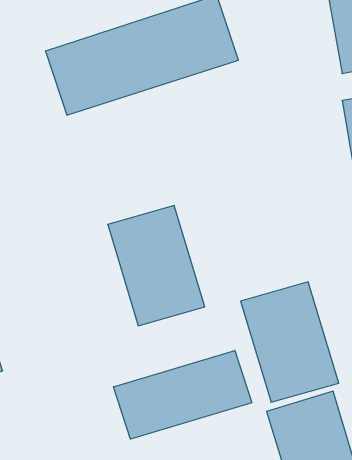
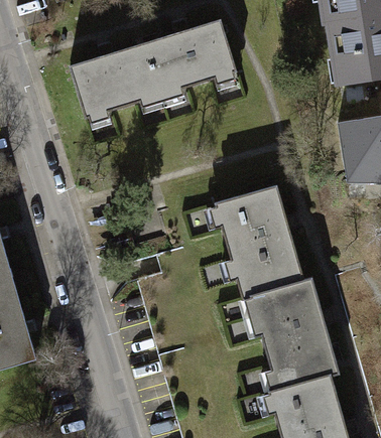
building: [108,205,205,326] -> [216,183,302,291]
building: [113,350,252,439] -> none

